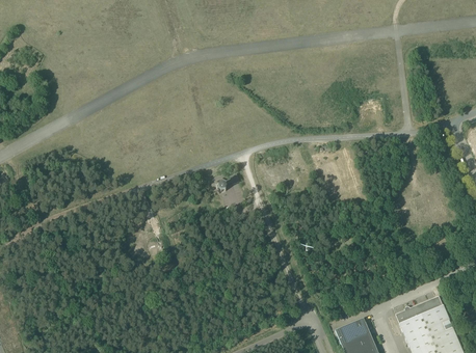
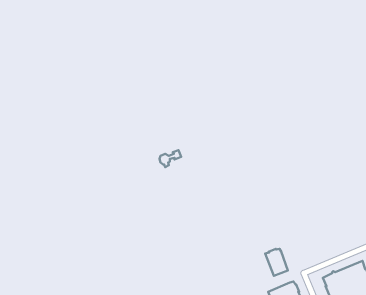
building: none -> [265,249,288,276]

